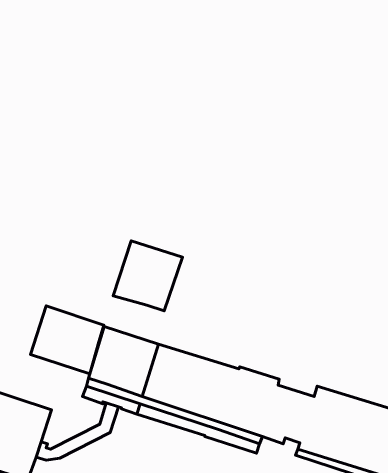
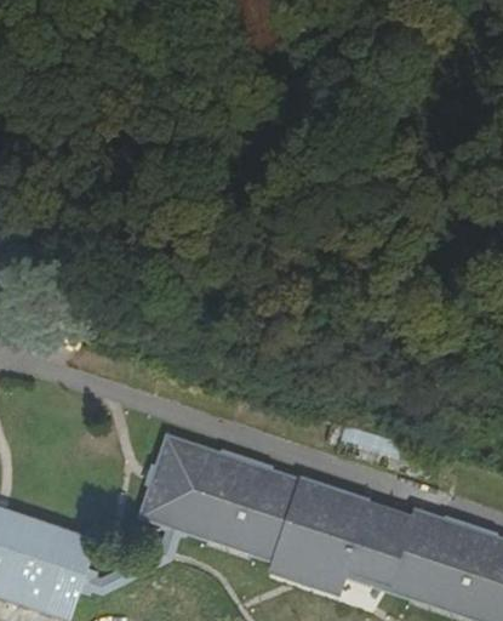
building: [113,241,182,311] -> none
building: [31,306,104,374] -> none

